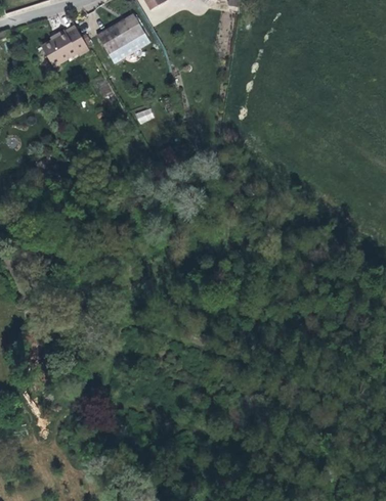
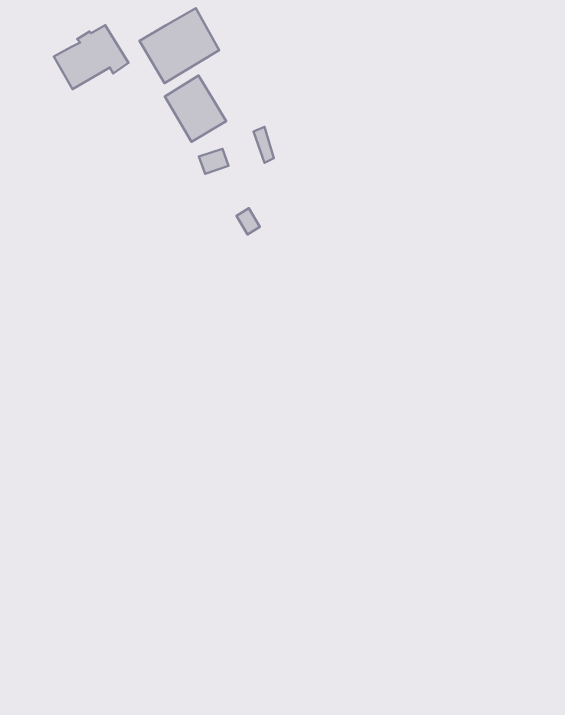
building: none -> [165,75,226,142]

